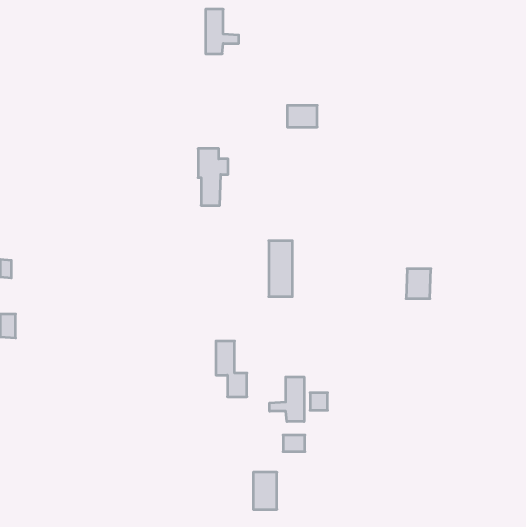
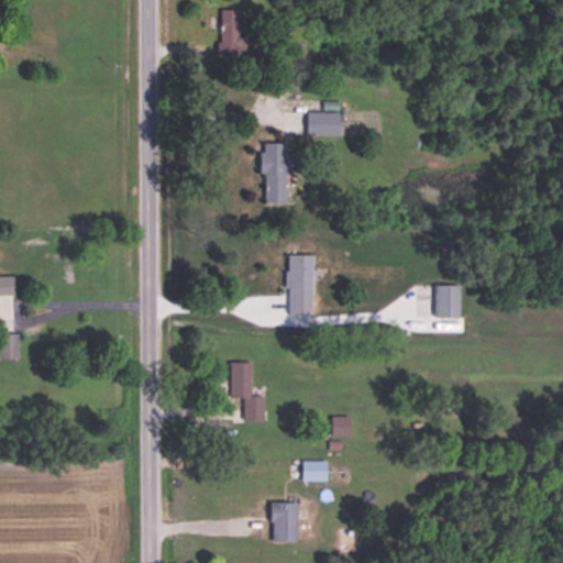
building: [198,149,228,205] -> [263,144,295,205]
building: [270,377,304,422] -> none

